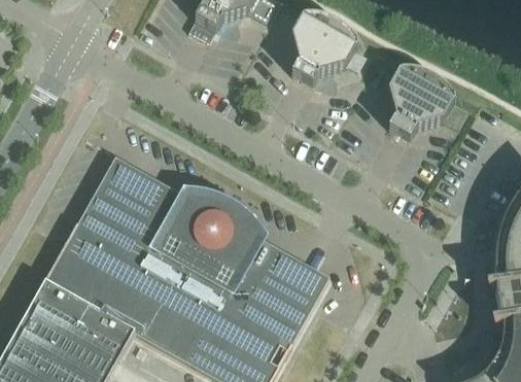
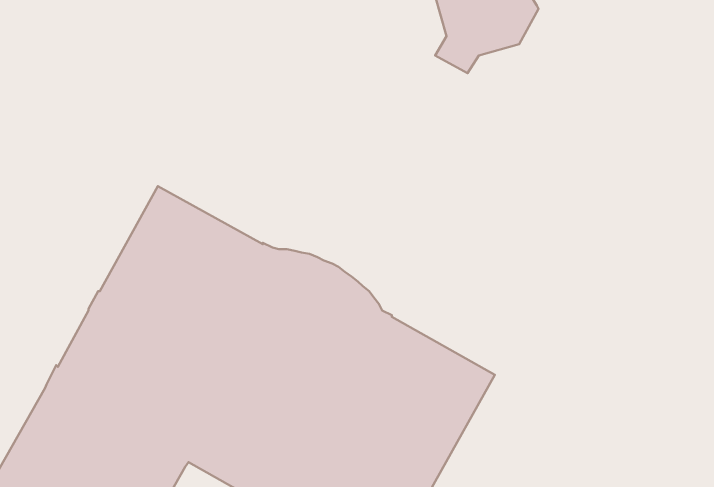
building: [388,68,454,139] -> none

